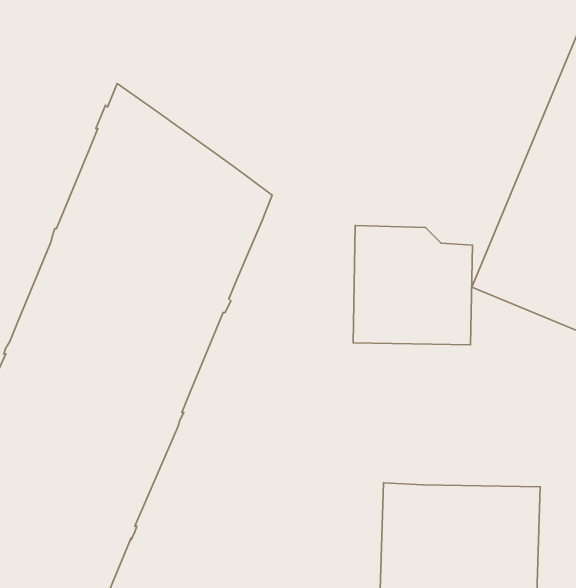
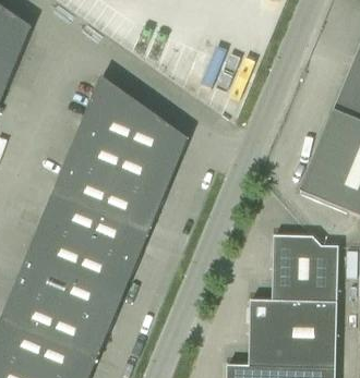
building: [353,225,473,345] -> [272,235,338,302]

